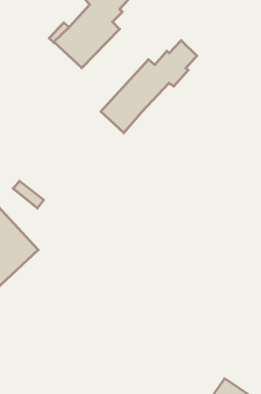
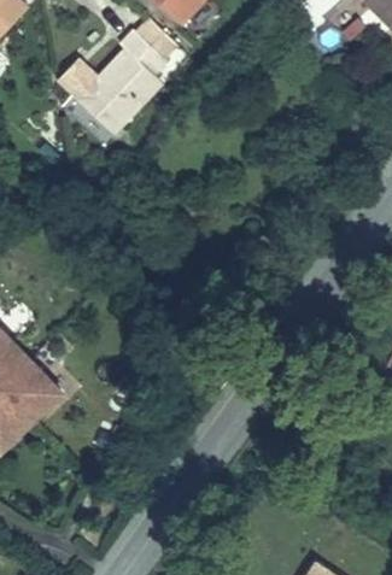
building: [101,40,197,133] -> none

